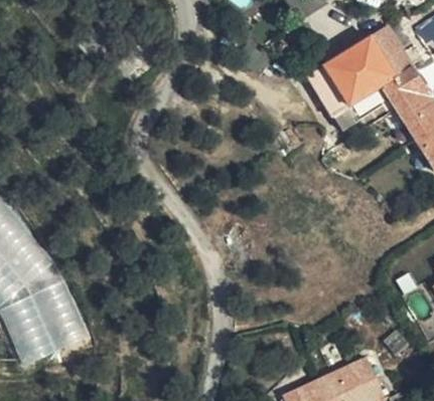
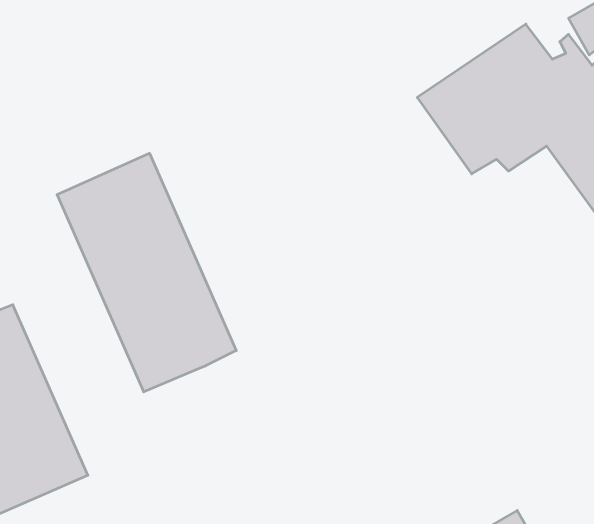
building: none -> [57,153,236,392]

